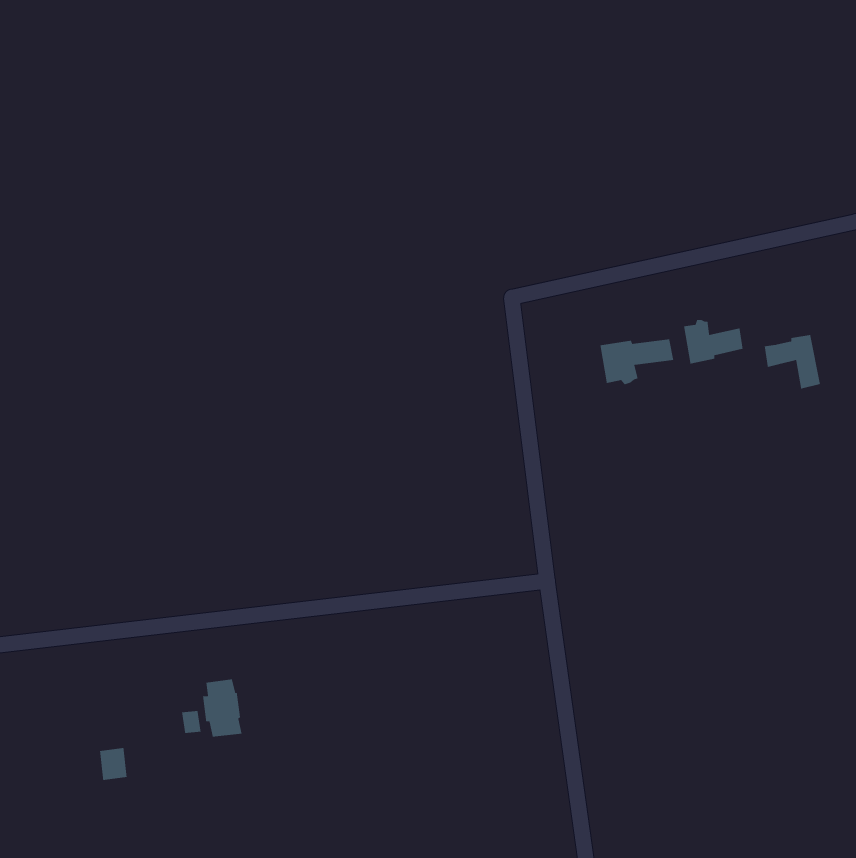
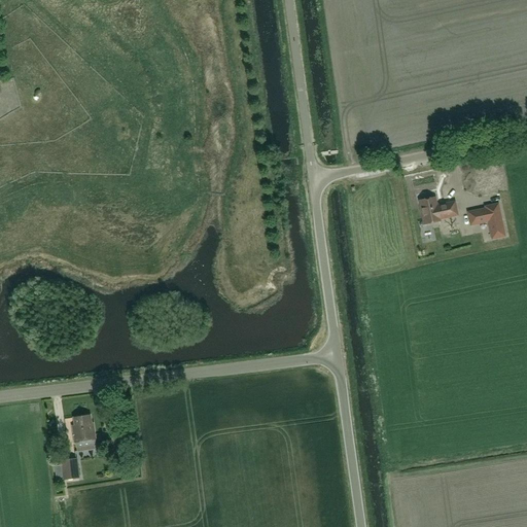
building: [599,338,674,385] -> none
building: [202,679,242,737] -> [71,415,96,451]

